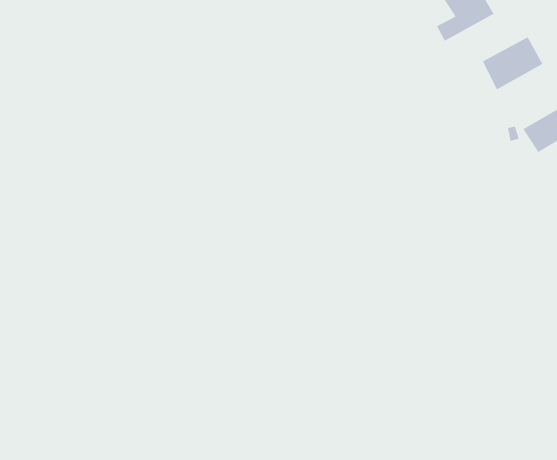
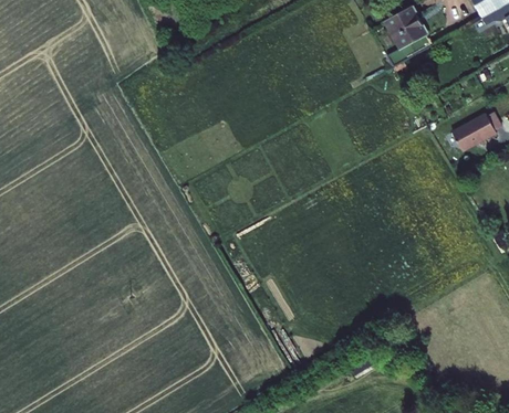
building: [482,36,543,90] -> none

